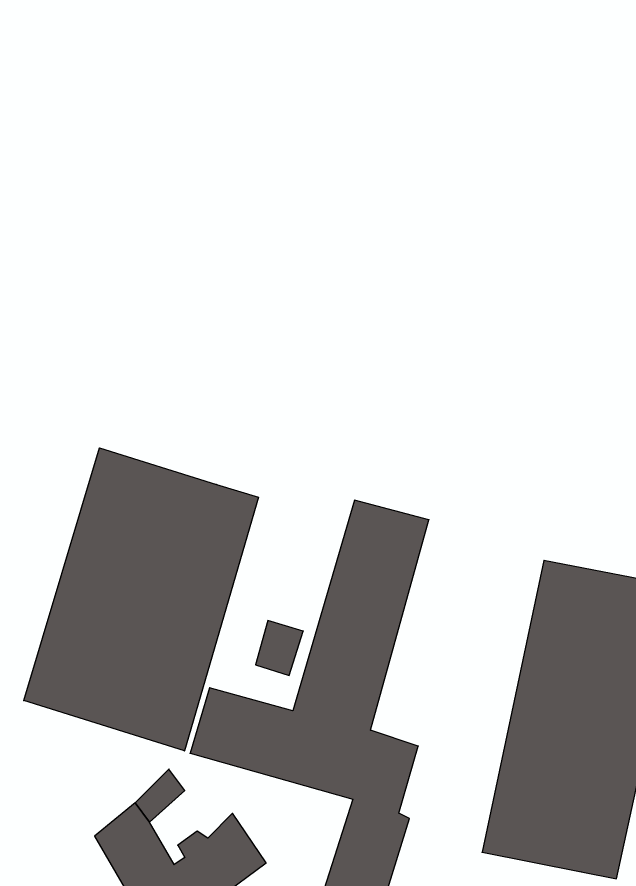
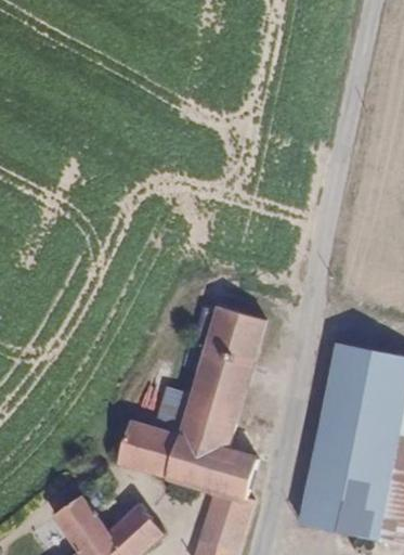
building: [24,448,258,751] -> none

